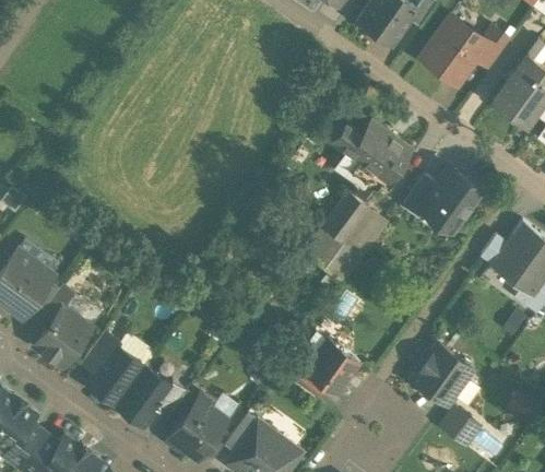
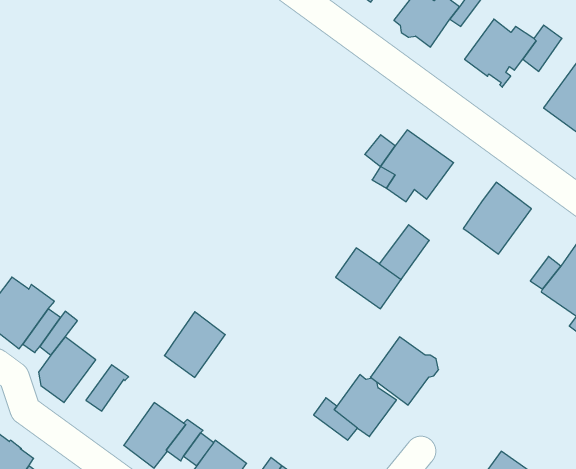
building: [400,175,437,219] -> none
building: [324,190,371,240] -> none
building: [88,344,143,403] -> [164,312,225,377]
building: [412,344,473,405] -> [370,337,439,405]

